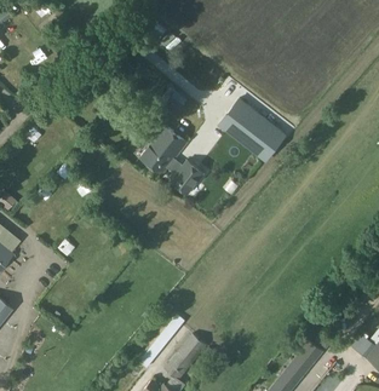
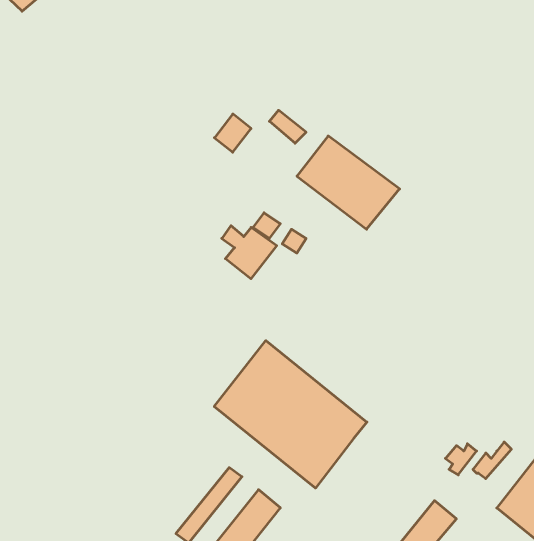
building: [140,126,188,176] -> none
building: none -> [214,341,367,488]

